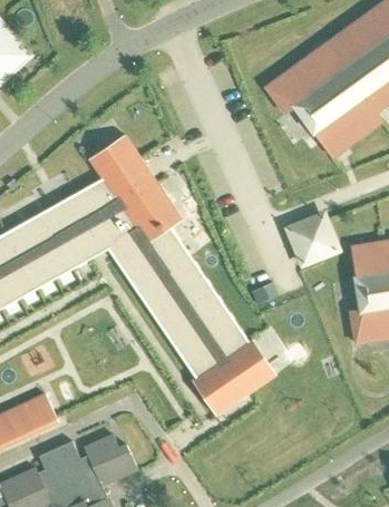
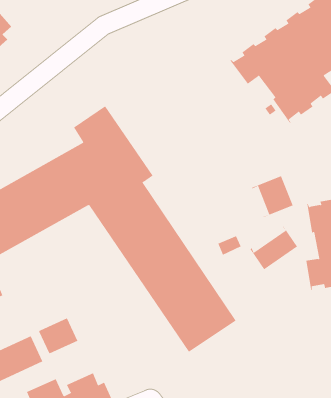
building: none -> [250,226,298,270]
building: none -> [32,318,78,357]

